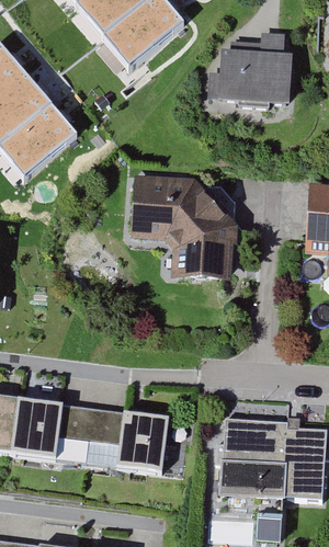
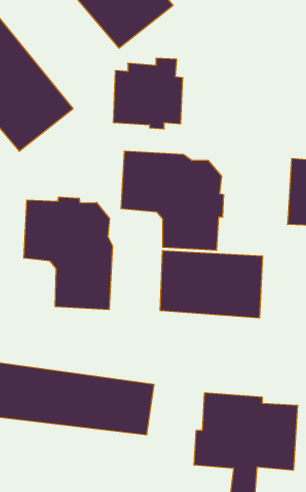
building: [217,31,291,105] -> [113,58,183,129]
building: none -> [24,197,113,310]
building: none -> [160,250,263,318]

